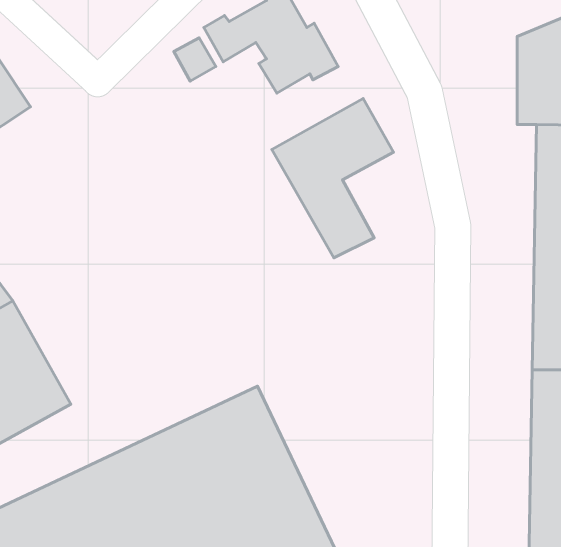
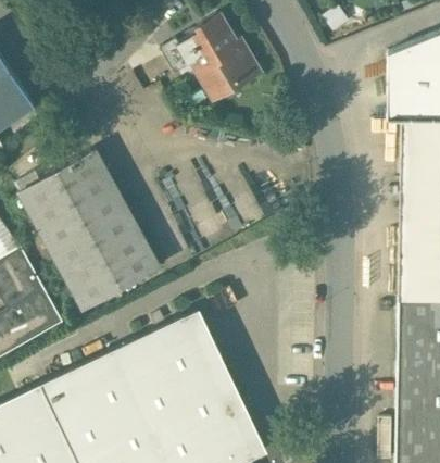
building: [272,98,394,258] -> none
building: none -> [18,150,161,310]

